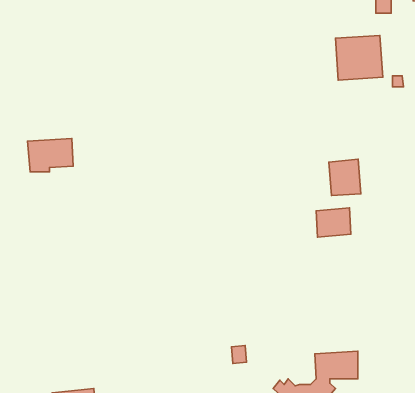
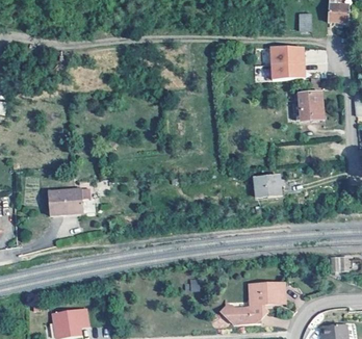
building: [27,138,73,172] -> [48,188,82,213]
building: [329,159,361,195] -> [299,93,322,120]

